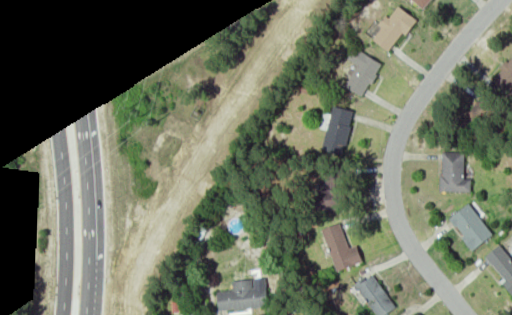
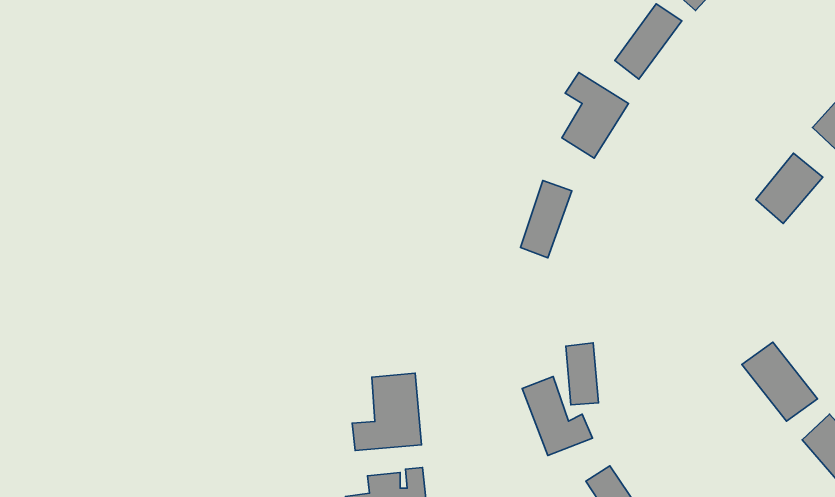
building: [441,152,471,192] -> none
building: [320,176,339,212] -> [566,343,598,405]
building: none -> [352,373,421,450]

